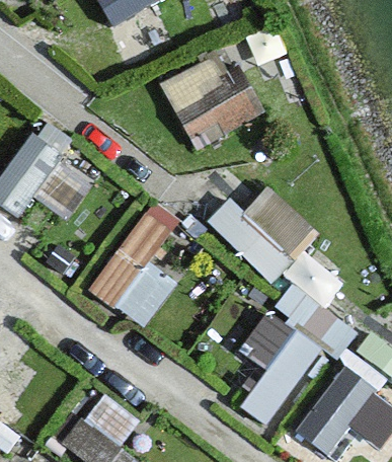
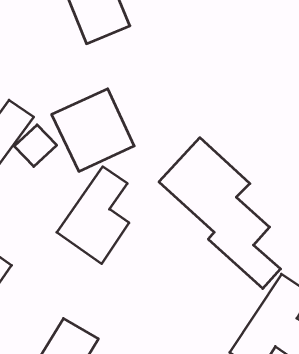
building: [160,51,258,149] -> [52,89,134,171]
building: [239,311,322,427] -> none

